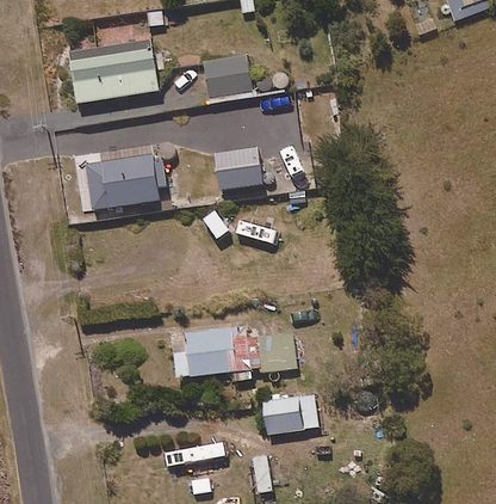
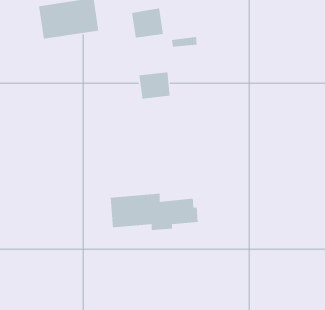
building: [73,145,166,209] -> none
building: [264,394,320,435] -> none

